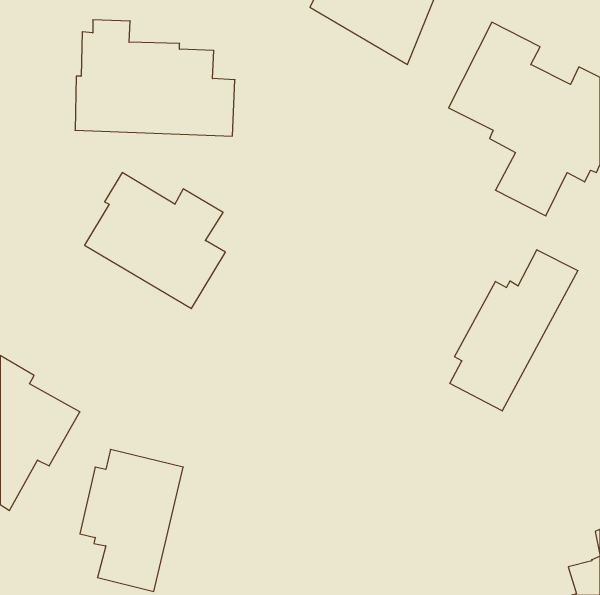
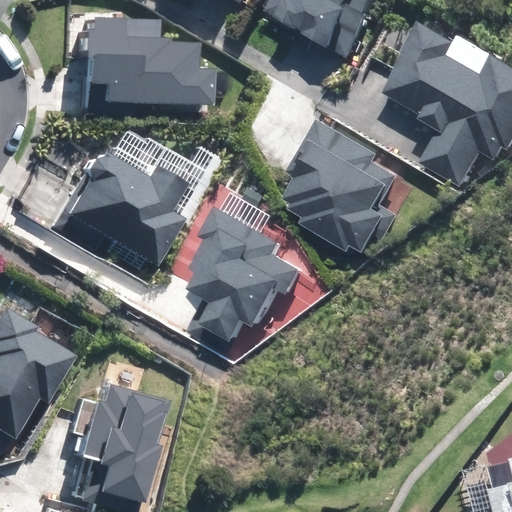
building: none -> [283,120,399,262]
building: none -> [185,207,302,340]
building: [450,250,578,411] -> none

